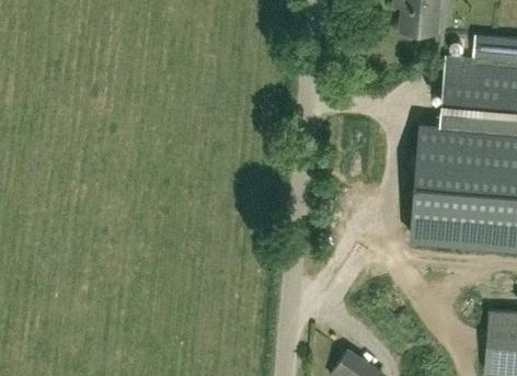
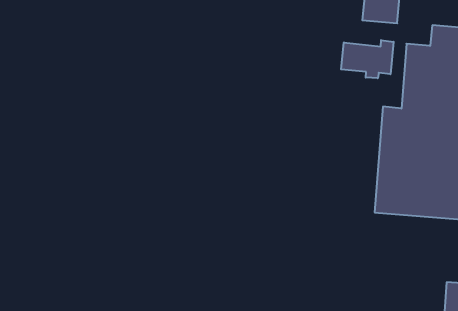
building: none -> [341,40,394,78]

